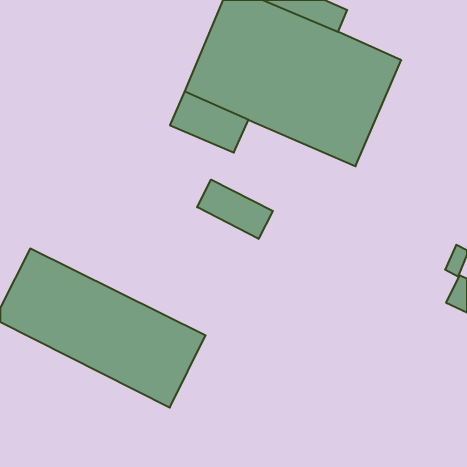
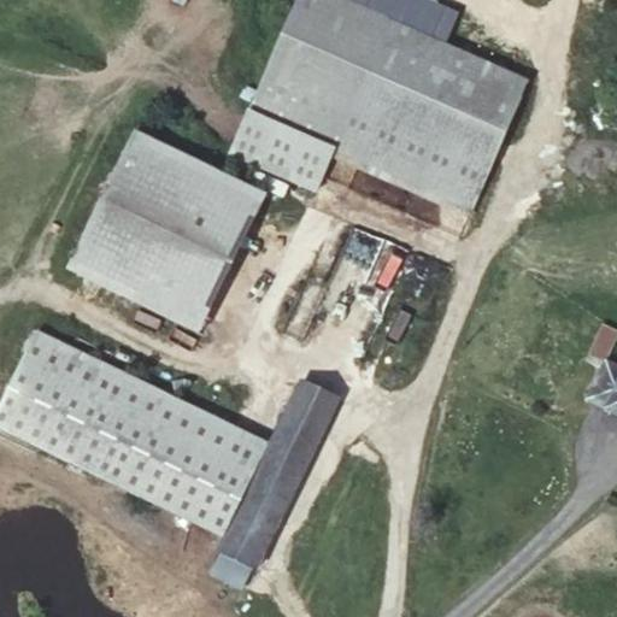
building: none -> [64,129,263,329]
building: [197,180,273,239] -> none
building: none -> [211,381,337,587]

